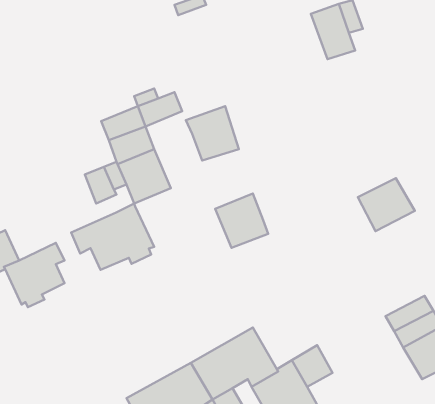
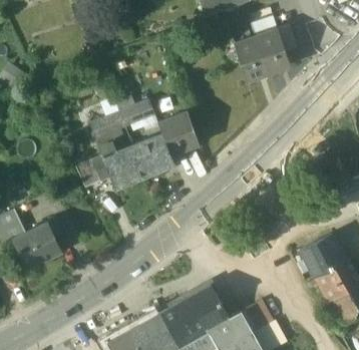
building: none -> [235,36,269,80]
building: [358,178,415,231] -> [301,234,346,276]
building: [215,194,268,248] -> [131,131,173,174]
building: [71,203,154,270] -> none

